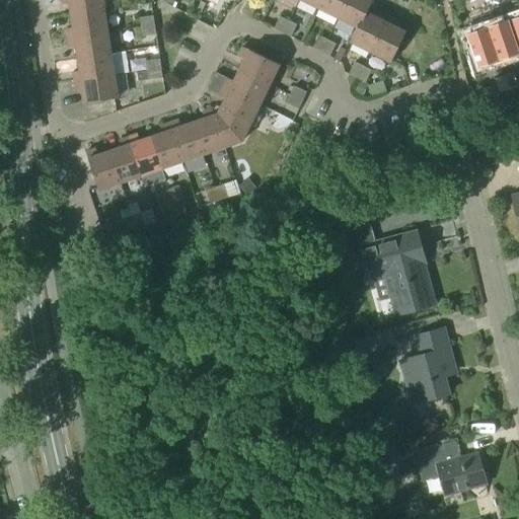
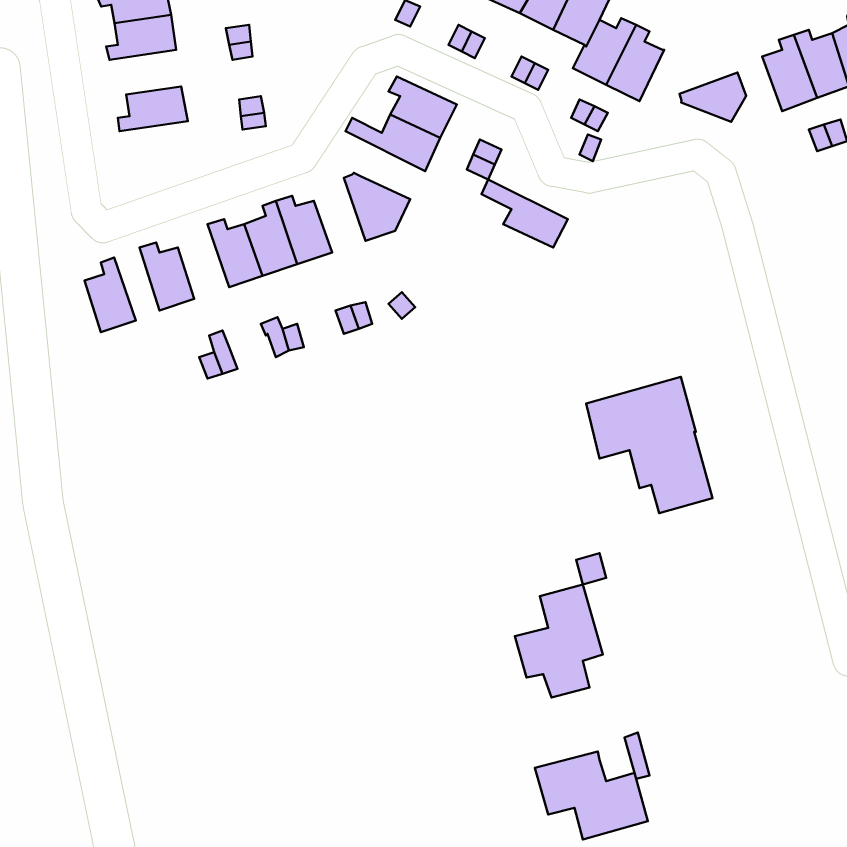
building: [68,30,112,58] -> none
building: none -> [679,73,746,122]
building: [74,74,119,102] -> none
building: [208,80,261,122] -> [482,179,568,247]
building: [193,108,224,154] -> none
building: [109,137,141,182] -> [84,257,136,332]
building: [402,329,456,398] -> [515,585,603,698]
building: [418,441,487,495] -> [535,751,648,839]

